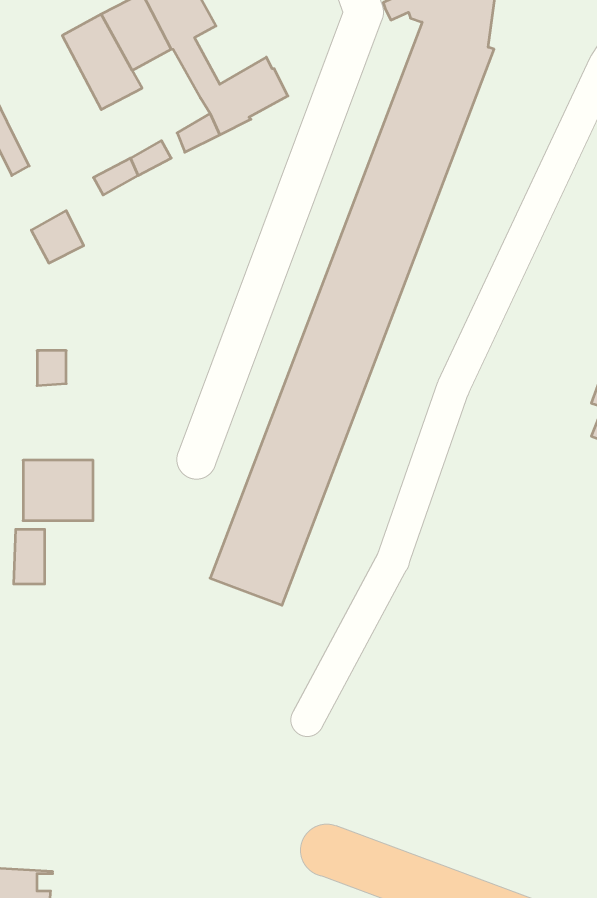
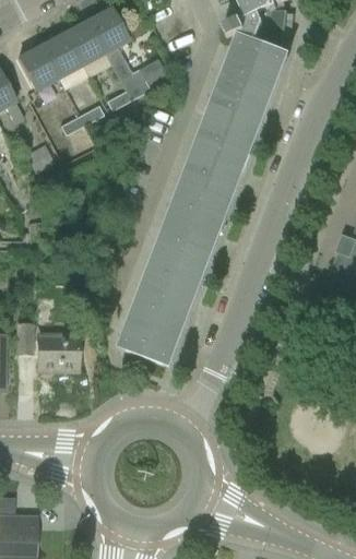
building: none -> [16,46,63,92]
building: [23,460,93,521] -> [37,336,76,370]

